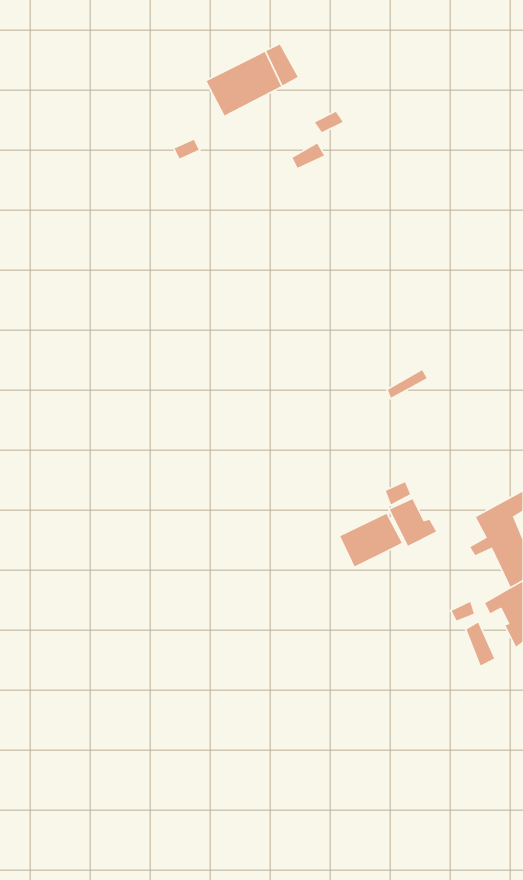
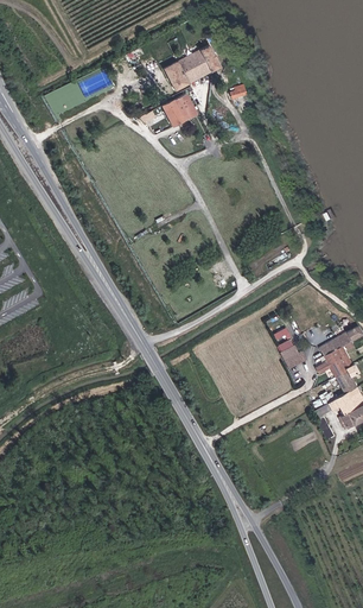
building: none -> [163,93,198,122]
building: [339,513,403,568] -> none

